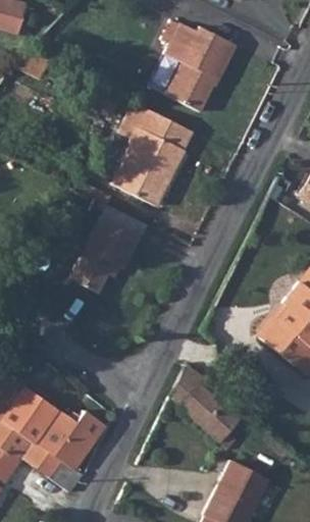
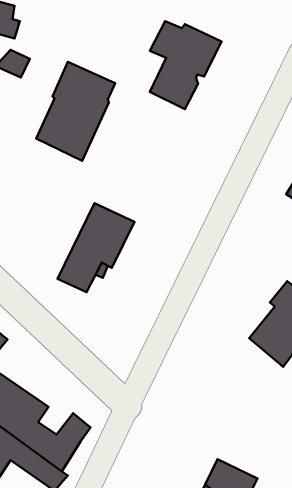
building: [109,105,188,204] -> [36,62,115,161]
building: [167,362,235,447] -> none

